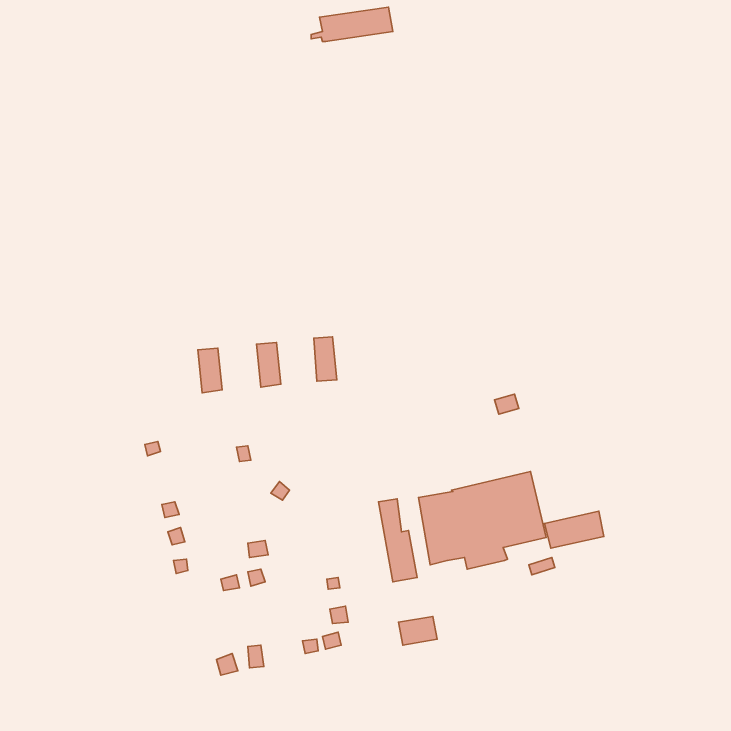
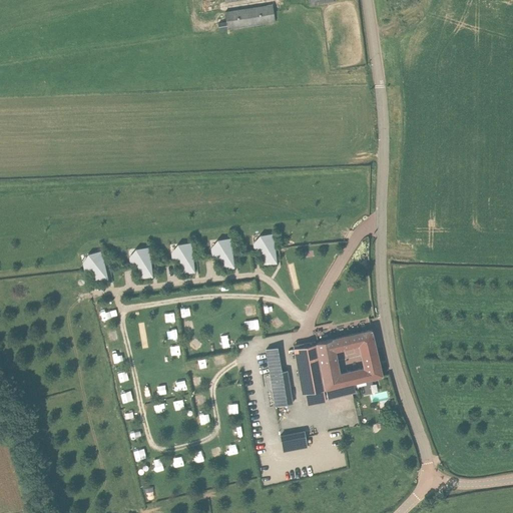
building: none -> [260,232,277,264]
building: none -> [90,250,109,283]
building: [545,511,604,548] -> none

